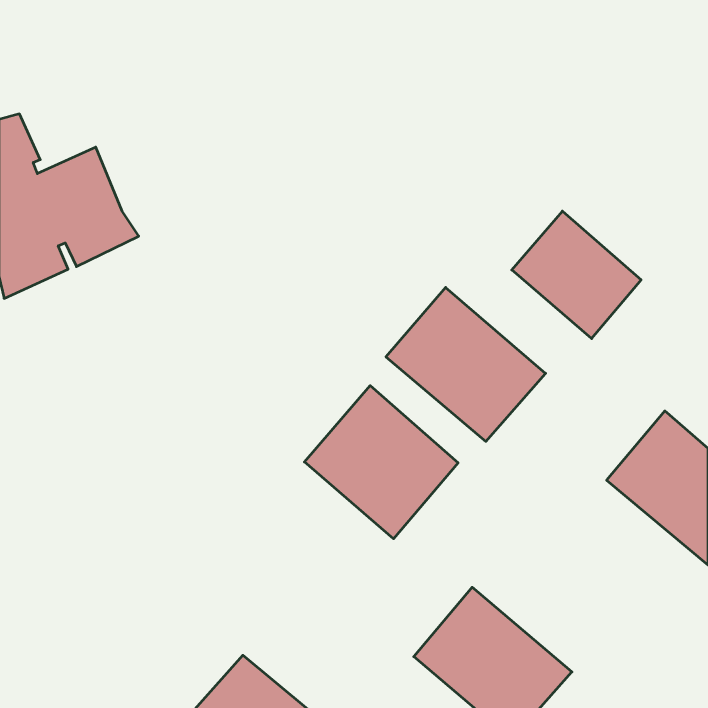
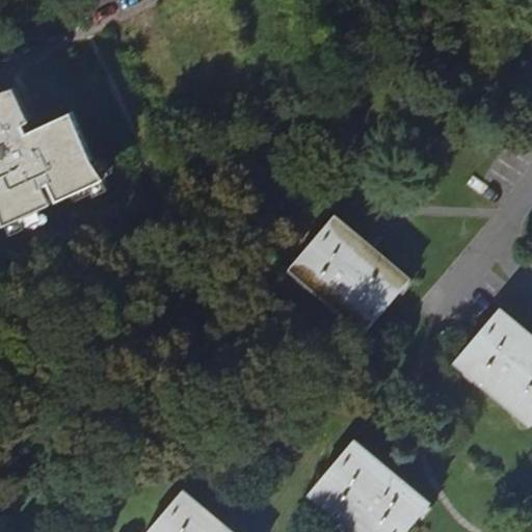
building: [512,211,641,339] -> none
building: [304,386,458,539] -> none

